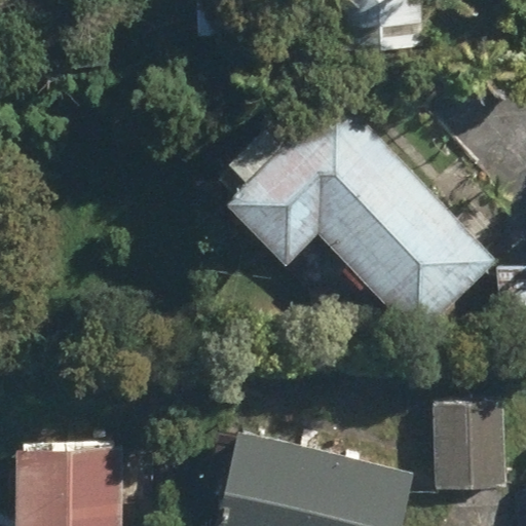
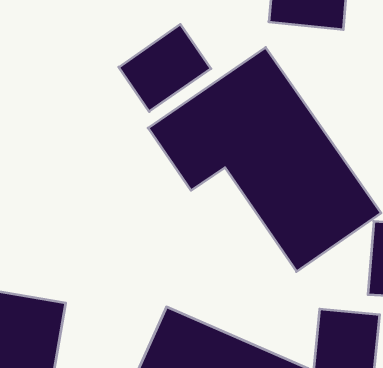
building: none -> [119,24,211,112]

